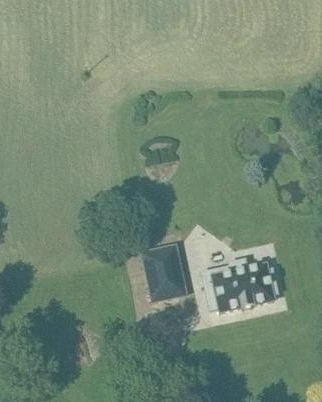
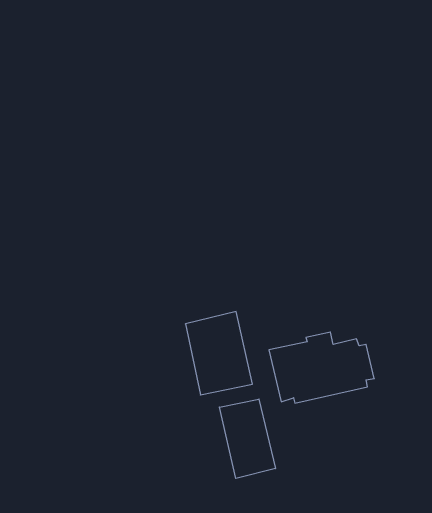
building: none -> [219,399,275,478]

